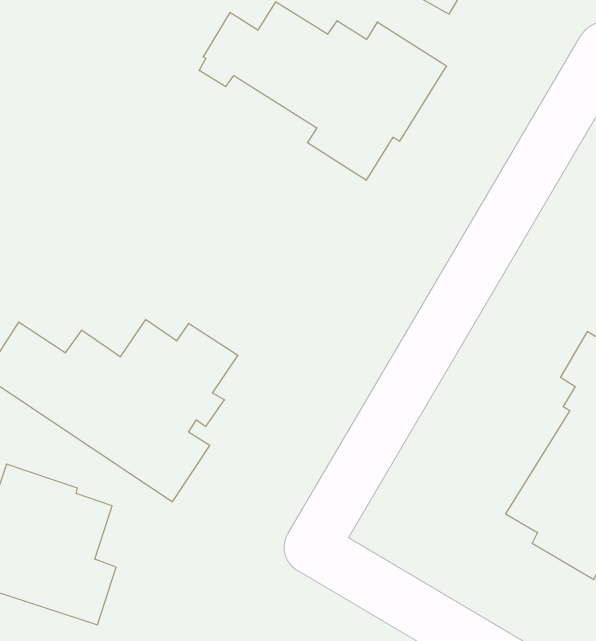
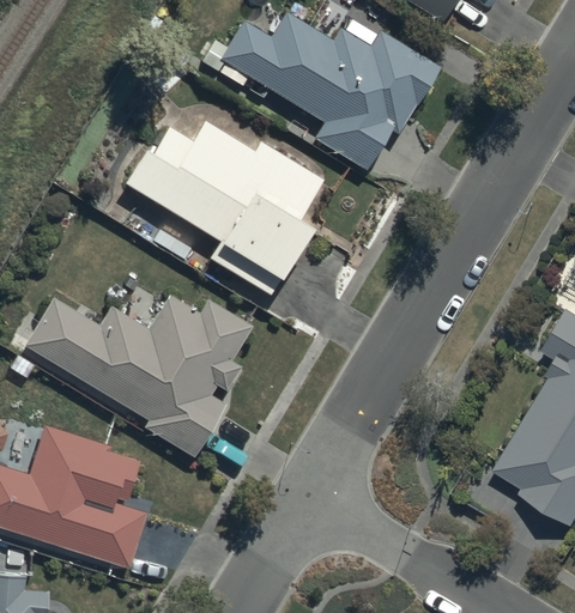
building: none -> [125,121,323,296]

